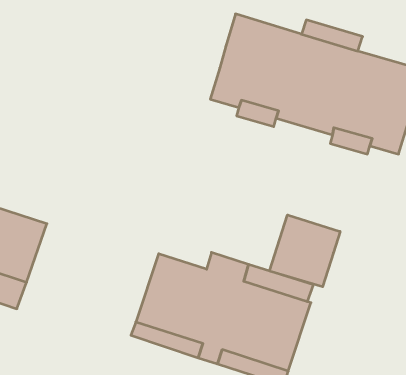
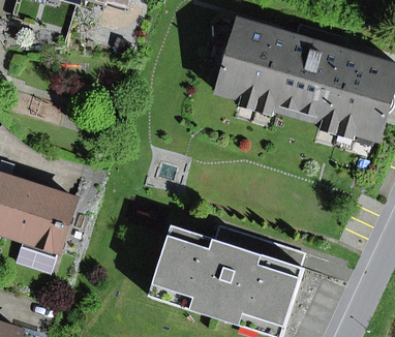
building: [270,215,340,287] -> none

